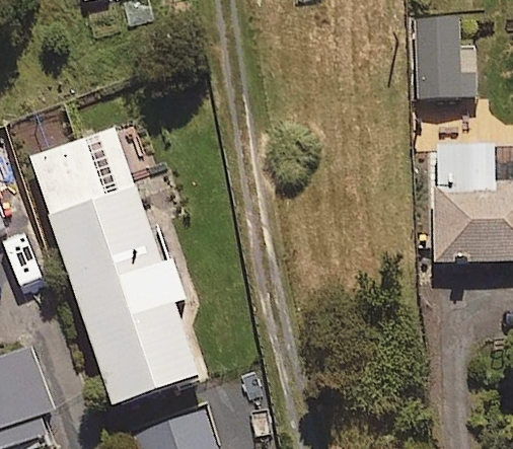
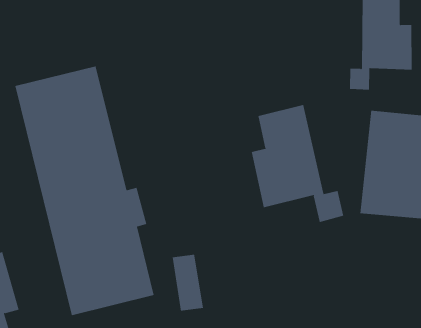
building: none -> [251,104,344,223]

